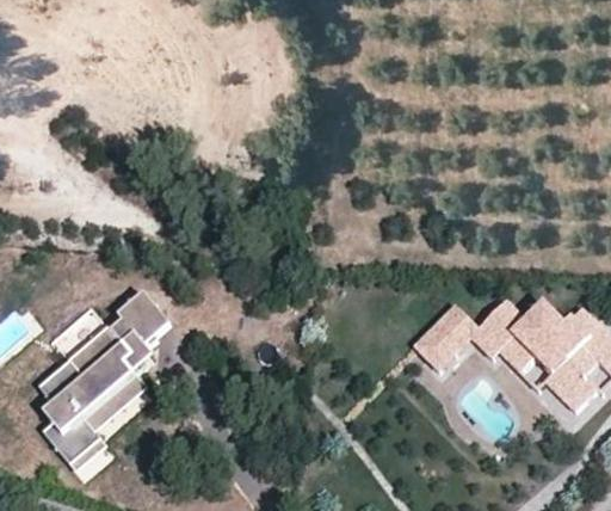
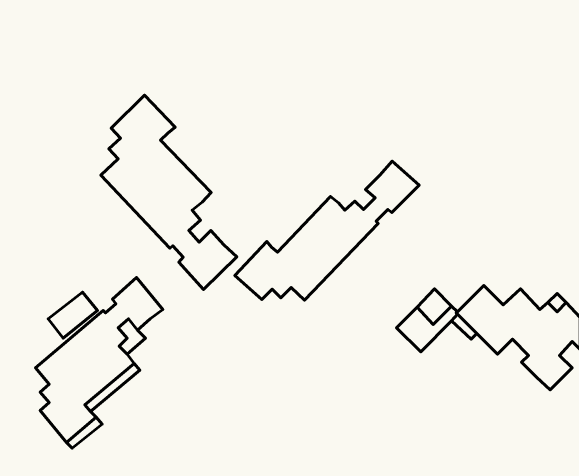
building: none -> [101,95,237,290]
building: none -> [235,161,419,300]

